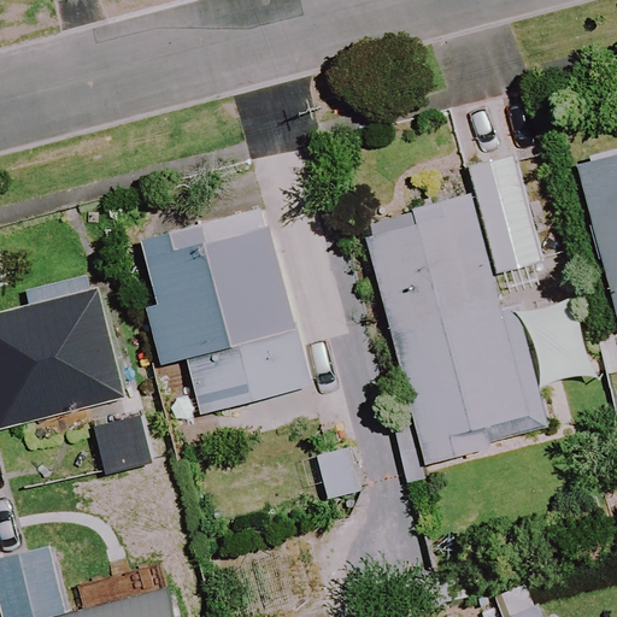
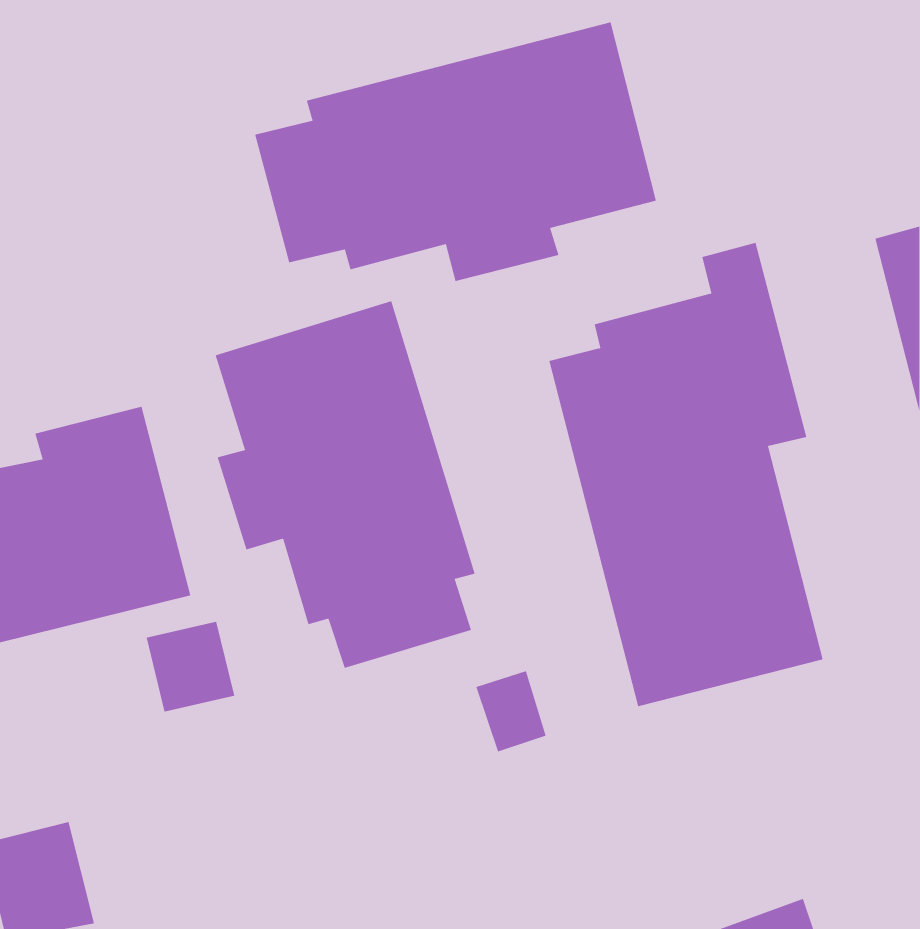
building: none -> [255,22,657,282]

